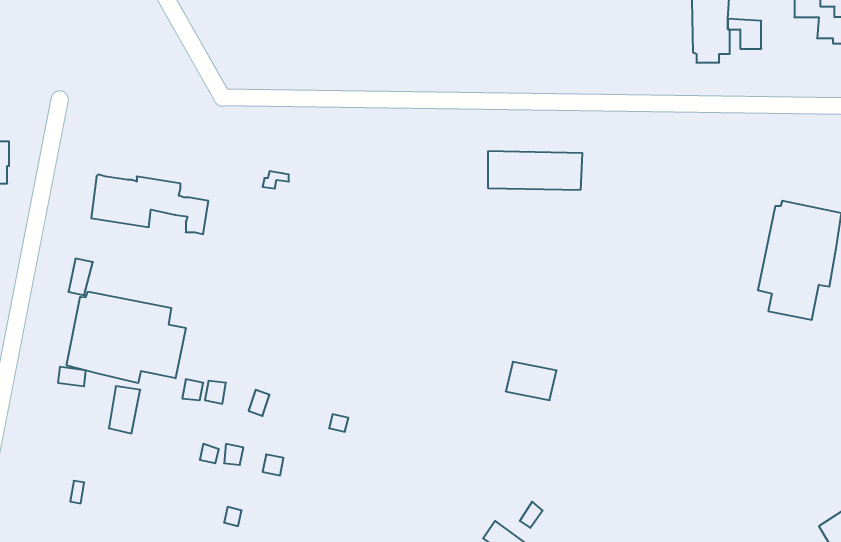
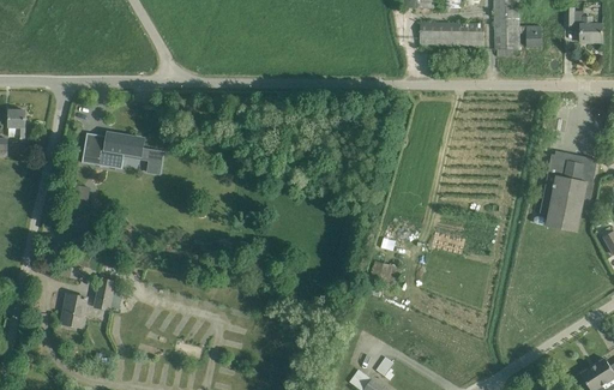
building: [488,151,582,190] -> [419,22,483,48]
building: [67,292,186,383] -> none
building: none -> [60,293,86,326]

